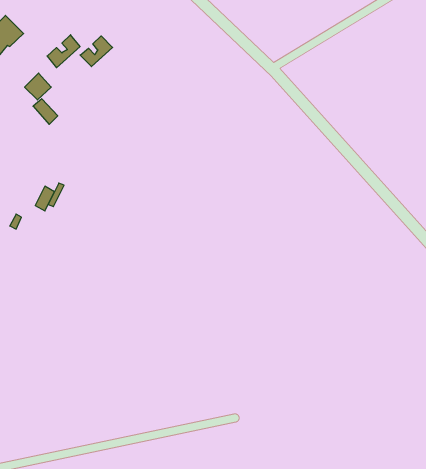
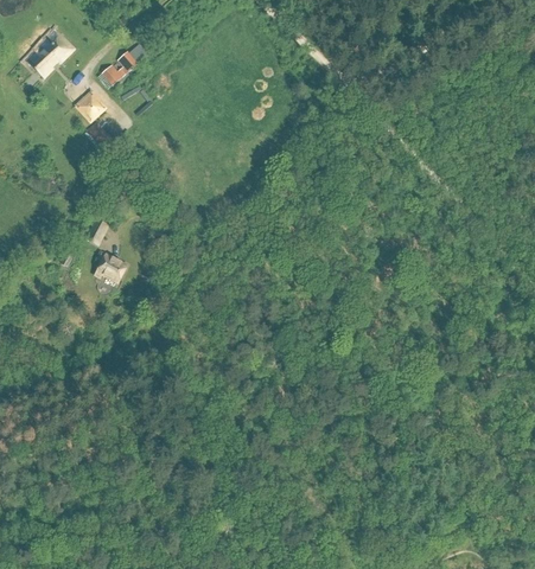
building: [80,36,113,67] -> none
building: none -> [95,250,126,282]

